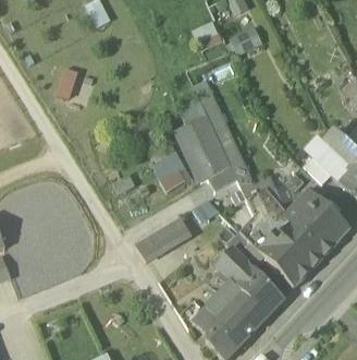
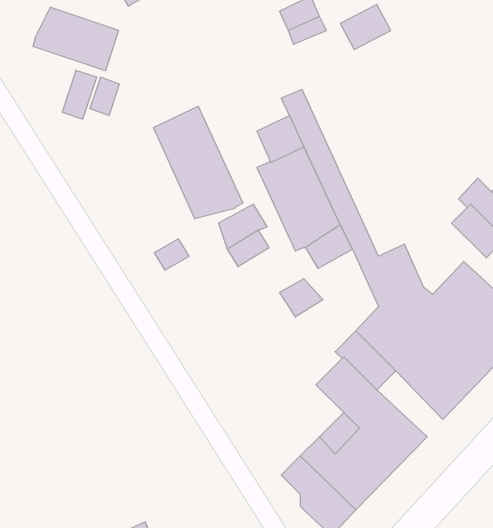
building: none -> [33,7,119,71]
building: none -> [153,106,243,219]
building: [135,215,193,262] -> none

